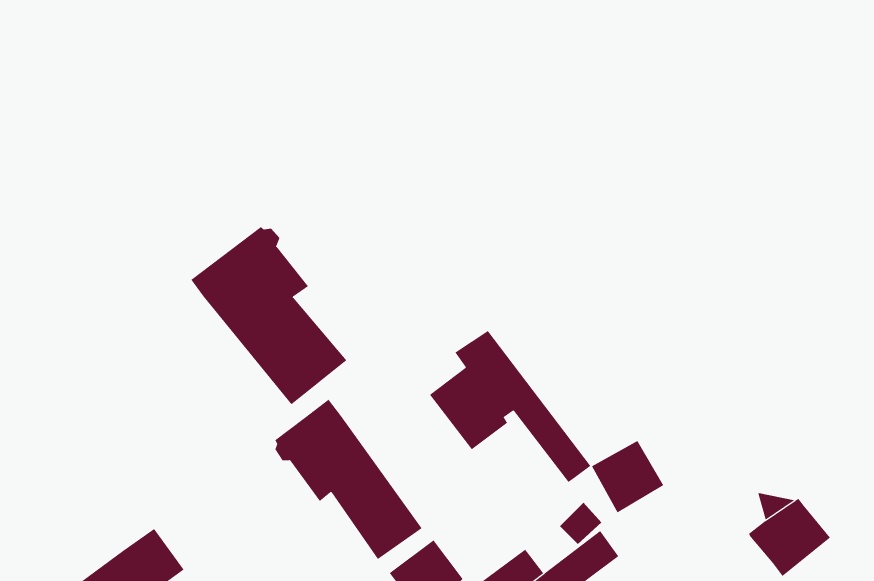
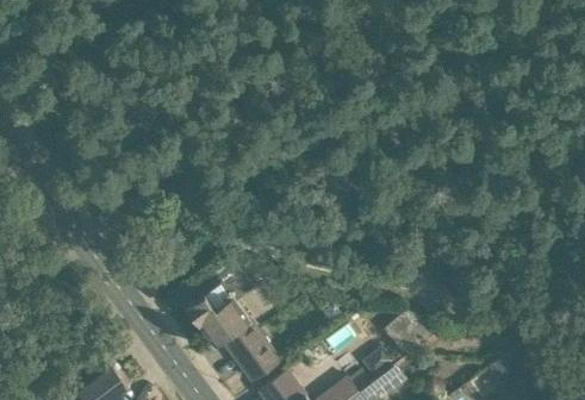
building: [190,226,347,405] -> none
building: [429,330,591,483] -> none

